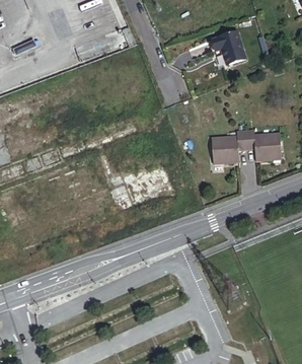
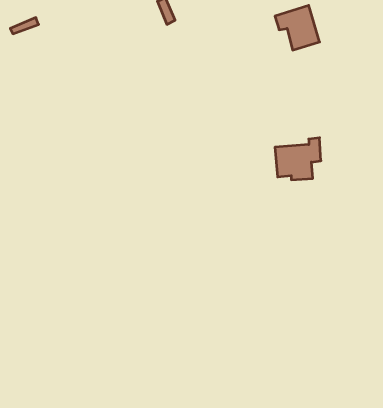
building: [244,130,281,159] -> none

